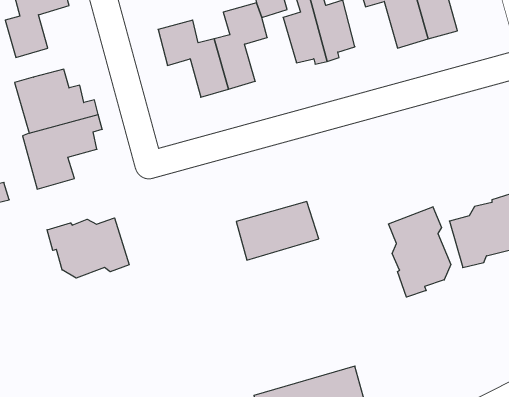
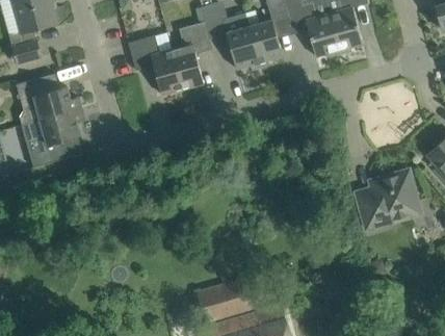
building: [236,202,319,260] -> [197,276,261,321]
building: [389,207,451,297] -> none
building: [47,218,129,278] -> none

